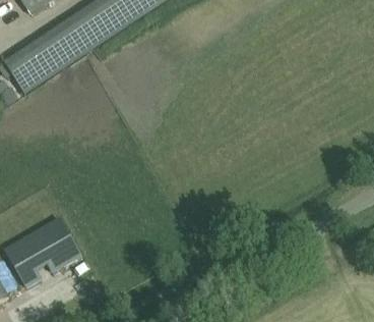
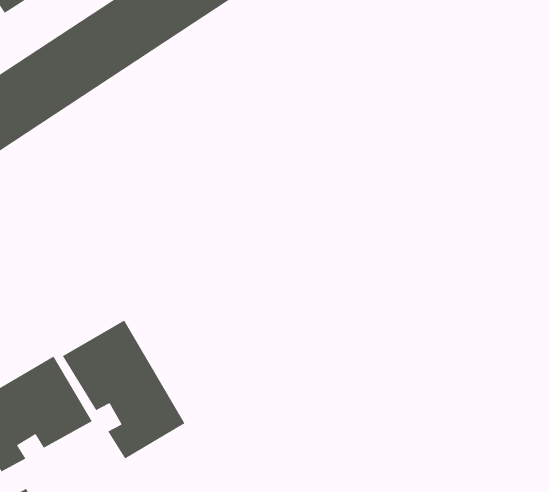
building: none -> [62,319,186,459]

